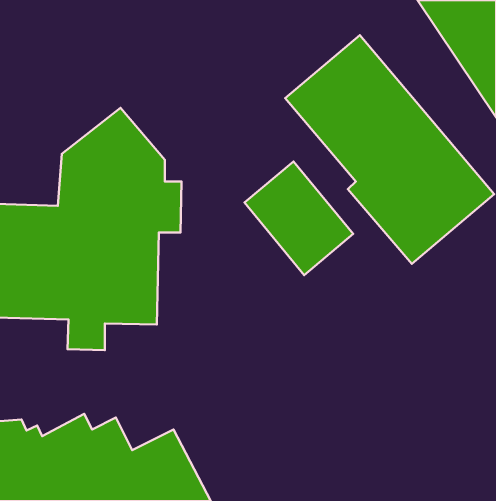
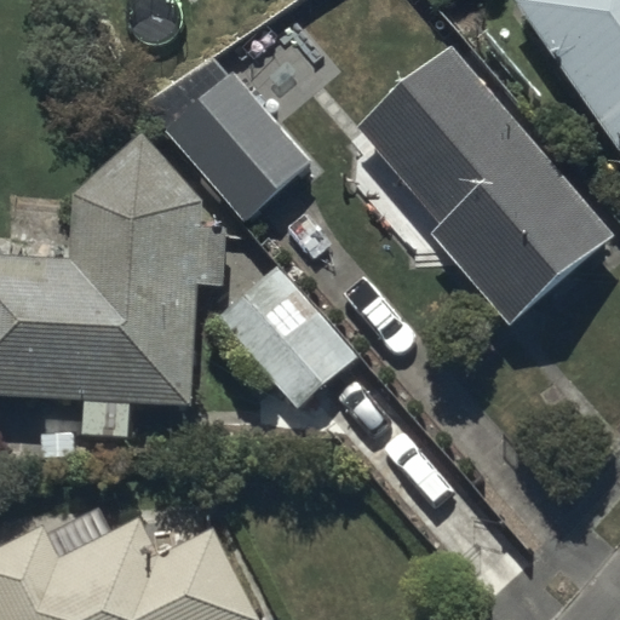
building: none -> [143,44,314,219]
building: [244,161,353,275] -> [220,266,355,407]

